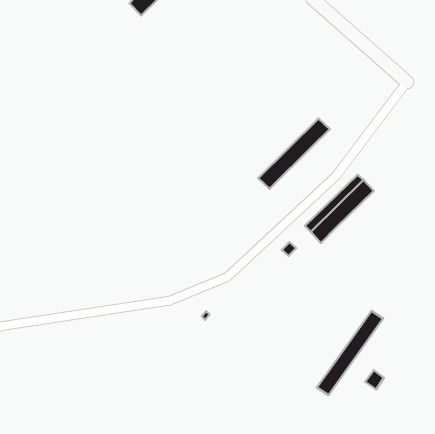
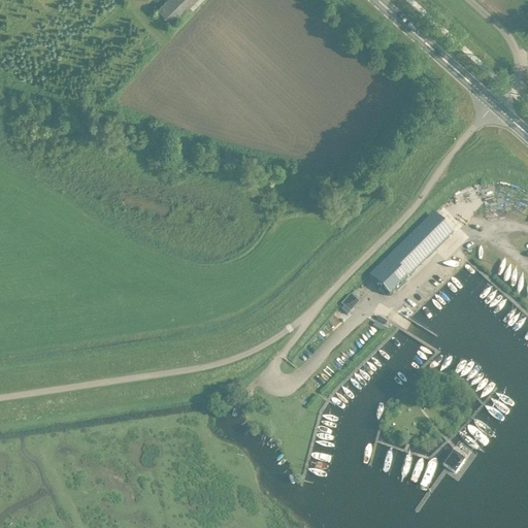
building: [258,119,330,189] -> none
building: [317,311,383,395] -> none

